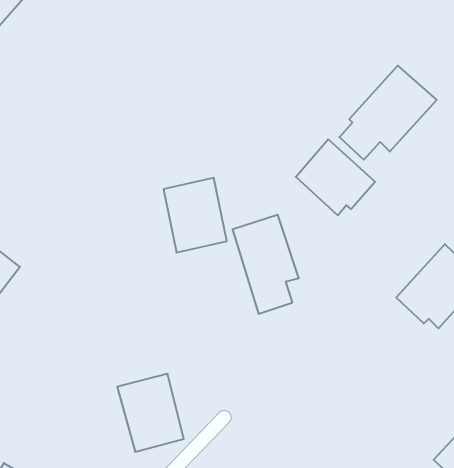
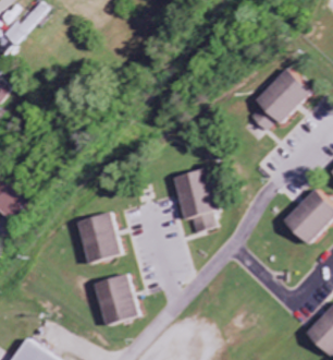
building: [296,139,375,215] -> none
building: [164,178,227,252] -> [77,214,120,264]

